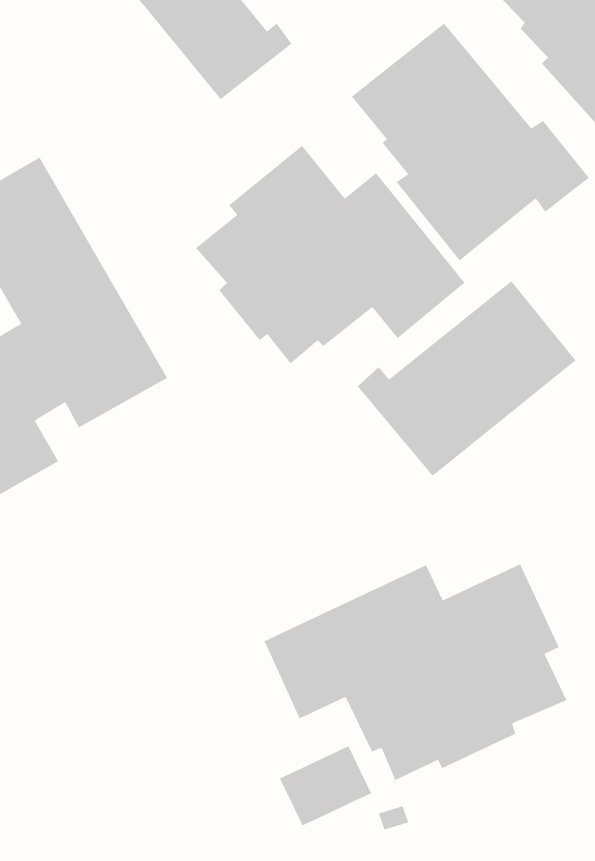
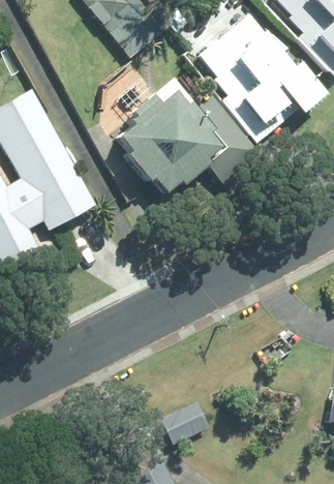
building: [357,280,577,477] -> none
building: [264,563,567,781] -> none

